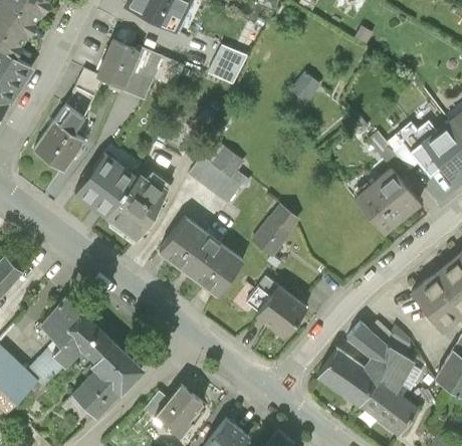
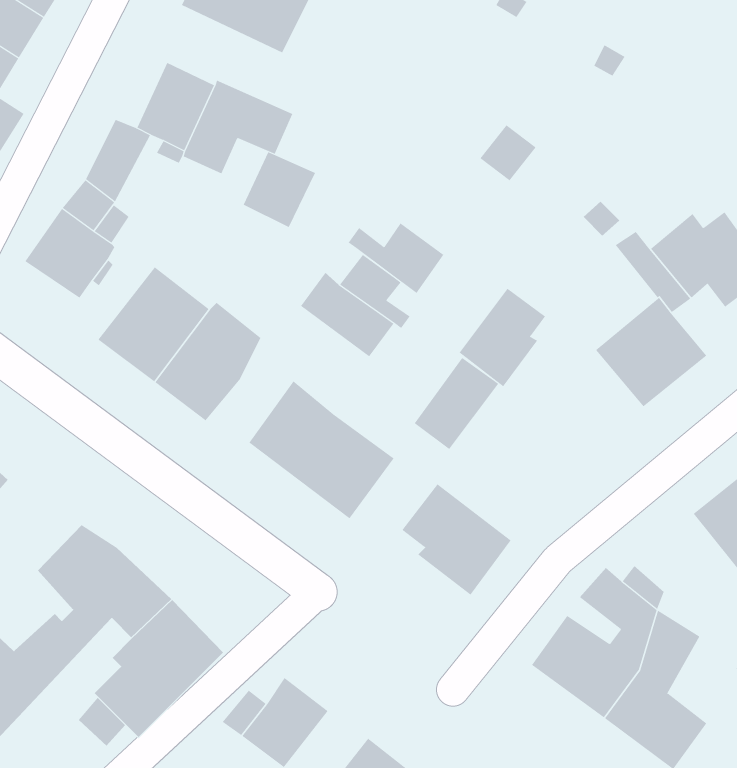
building: [206,44,247,87] -> [243,151,316,228]
building: none -> [348,222,444,294]
building: none -> [459,288,546,387]

